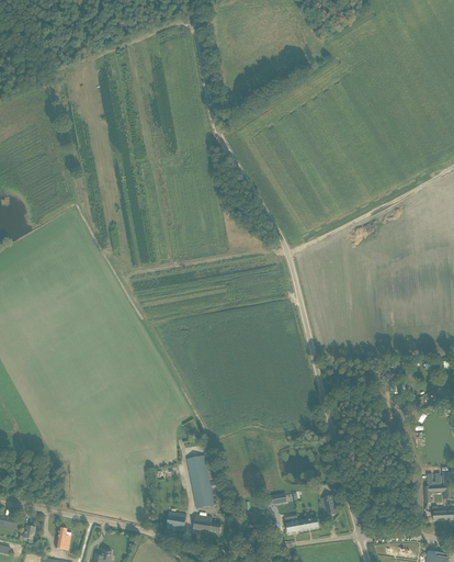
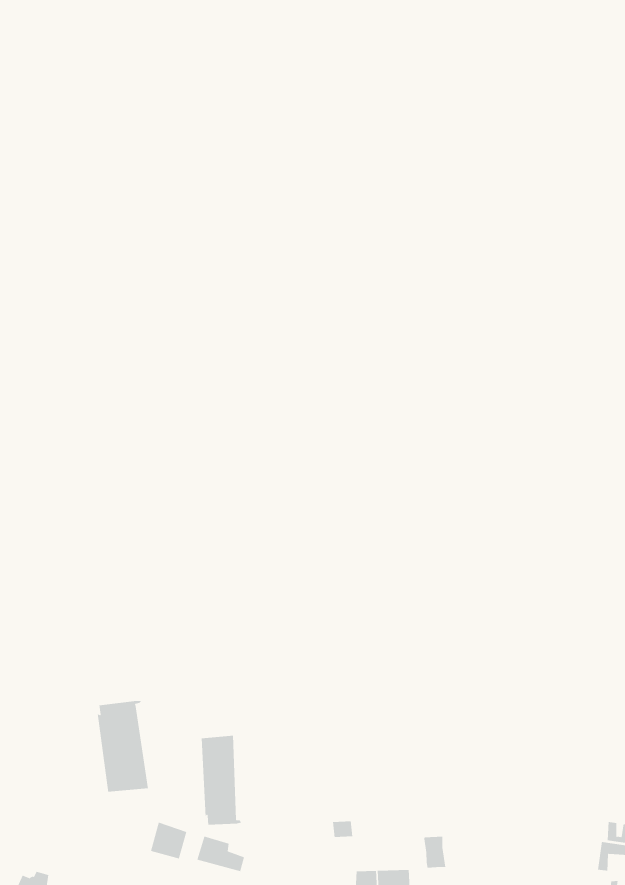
building: none -> [97,700,149,792]

